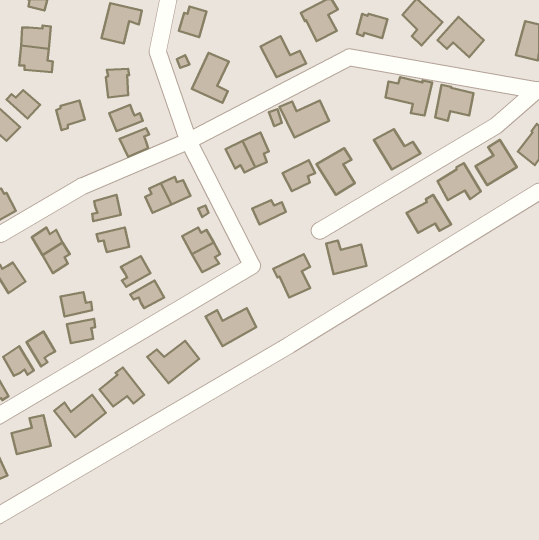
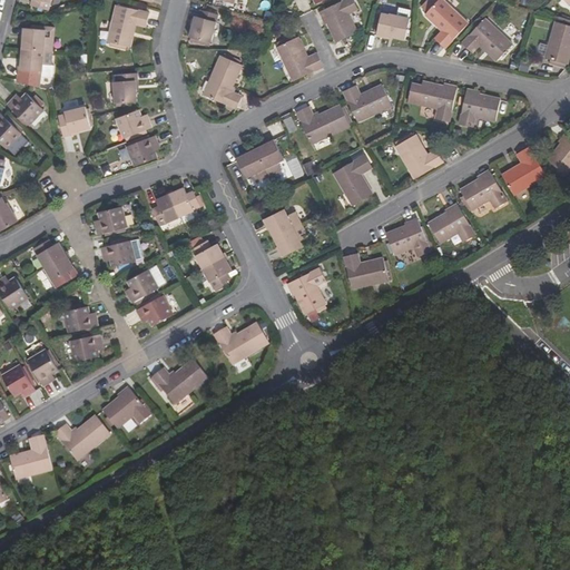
building: none -> [341,86,389,122]
building: [282,160,315,191] -> [273,223,307,255]
building: none -> [383,219,428,258]

